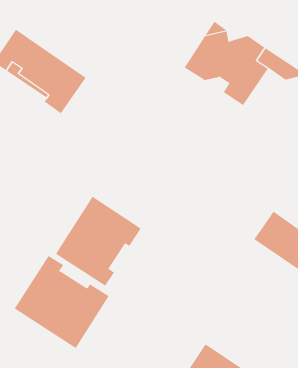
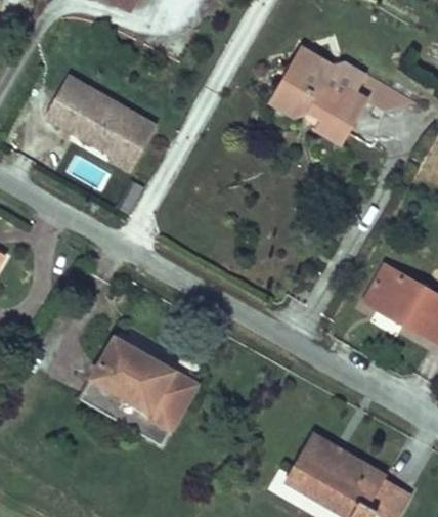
building: [55,196,141,287] -> none

